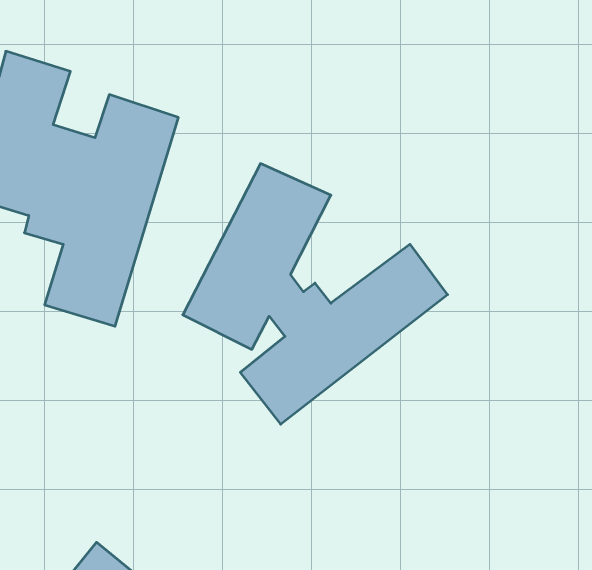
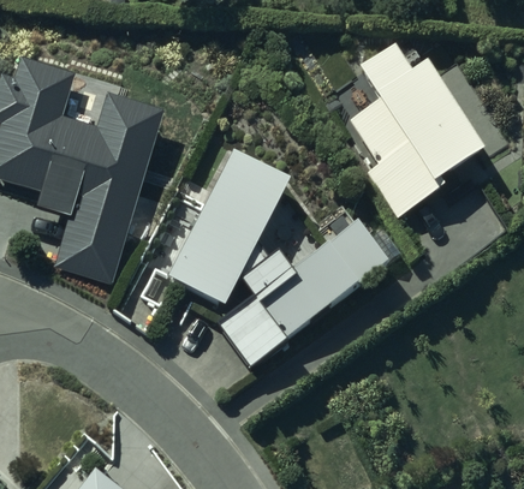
building: none -> [343,35,494,225]

